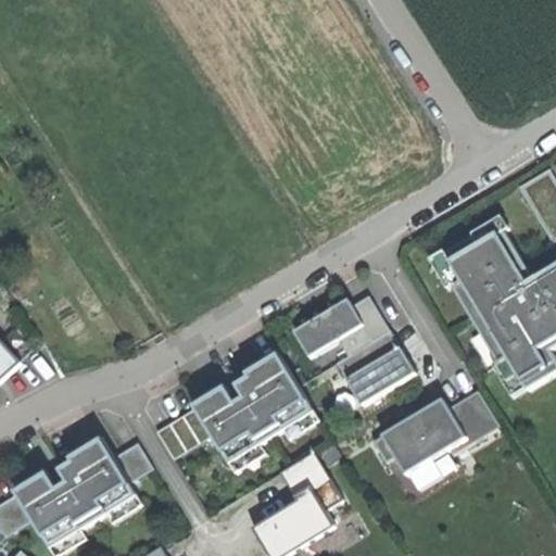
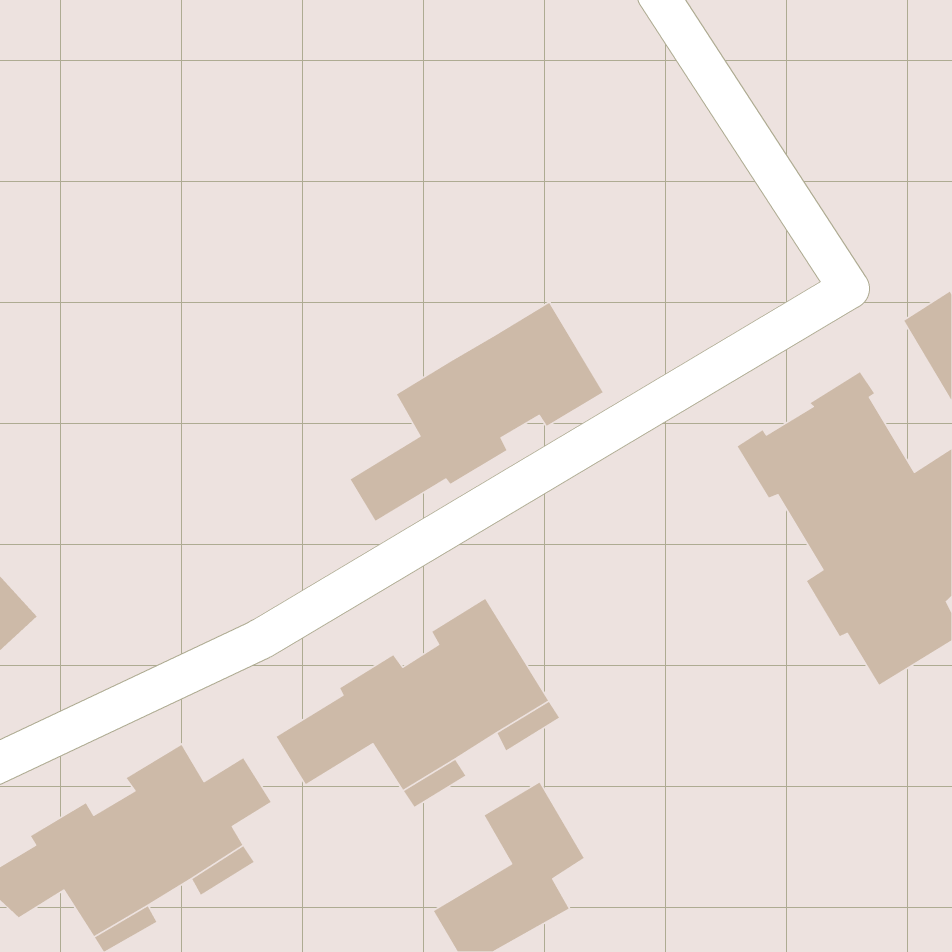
building: none -> [349,302,604,522]
building: [292,296,413,404] -> none
building: [372,390,497,502] -> none

